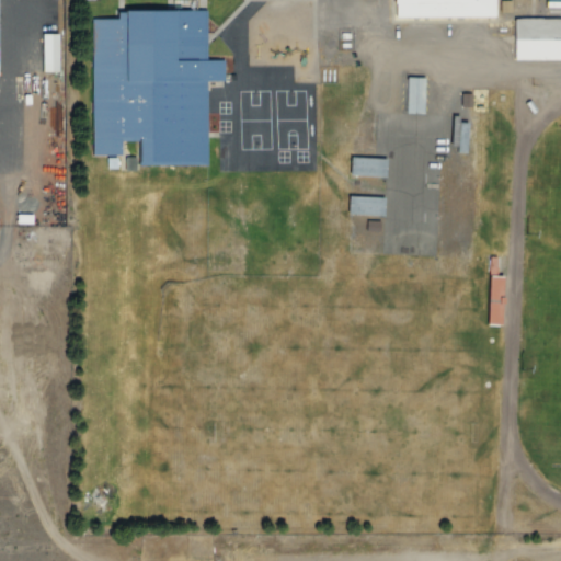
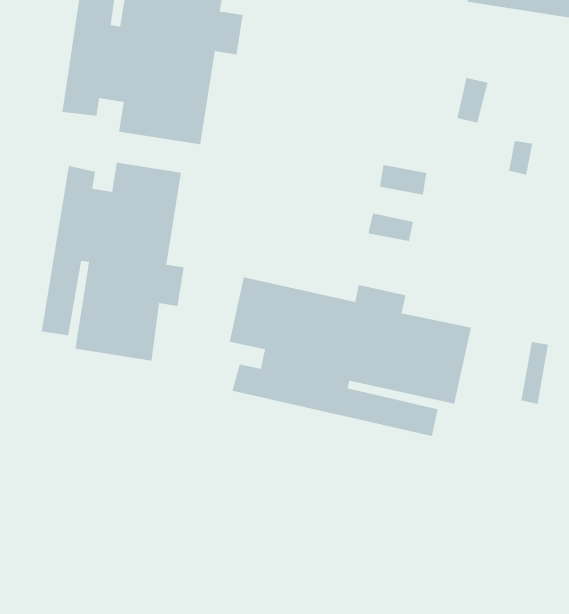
building: none -> [41,162,185,361]
building: none -> [229,277,472,437]

